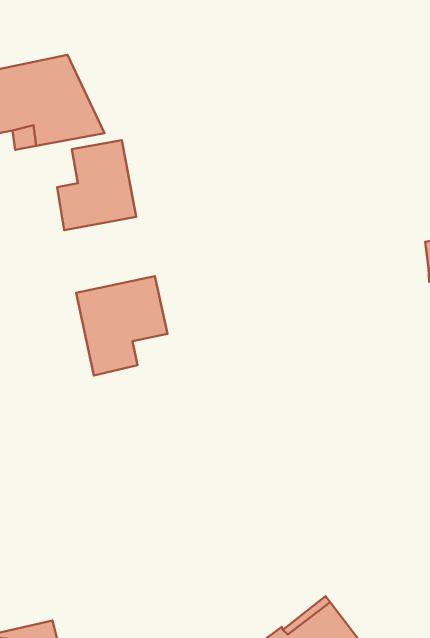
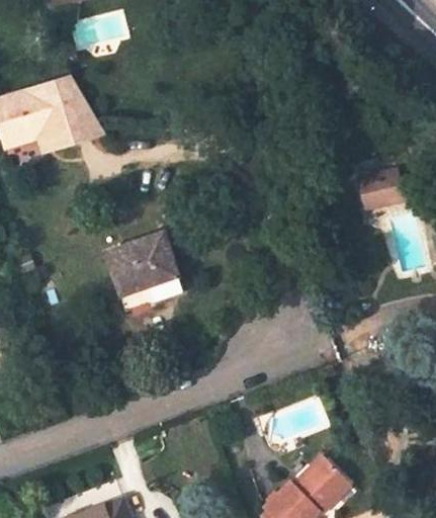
building: [57,140,136,230] -> none

